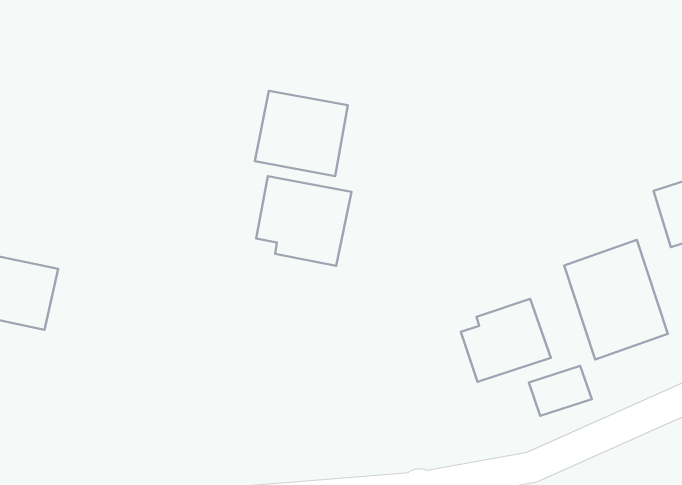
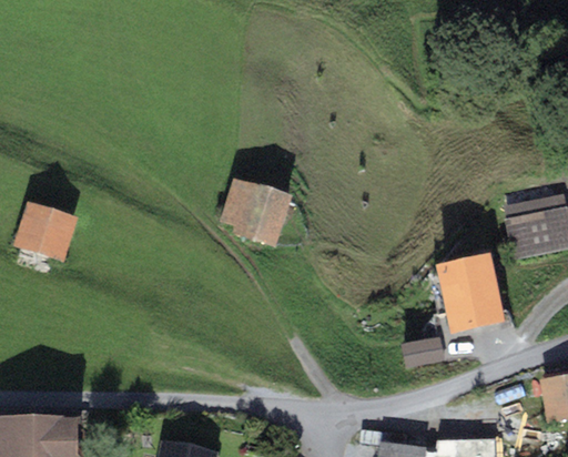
building: [255,91,348,176] -> none
building: [461,299,551,382] -> none

